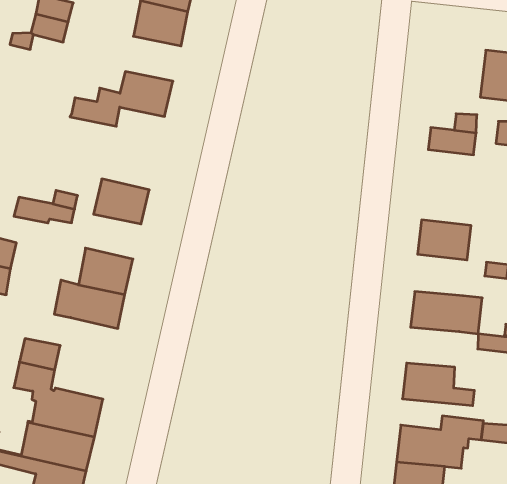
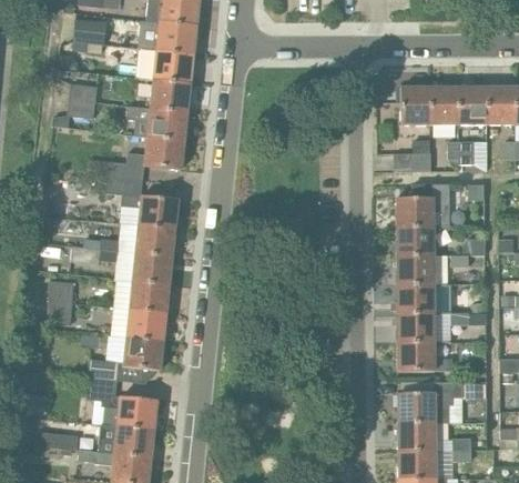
building: none -> [126,105,187,140]
building: none -> [400,87,430,124]
building: none -> [95,175,177,229]
building: none -> [395,184,449,228]
building: none -> [130,253,172,285]
building: none -> [395,255,435,285]
building: none -> [121,338,163,371]
building: none -> [396,313,435,343]

